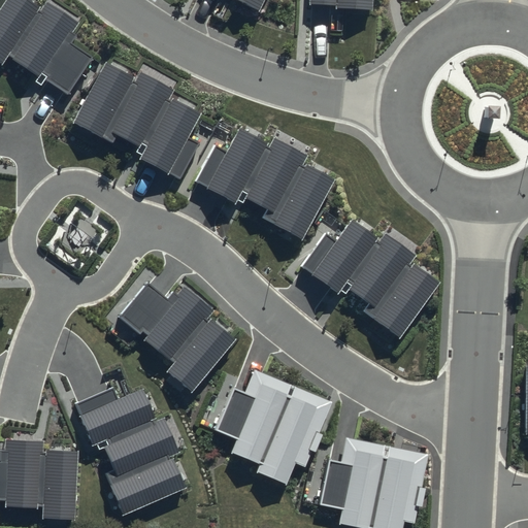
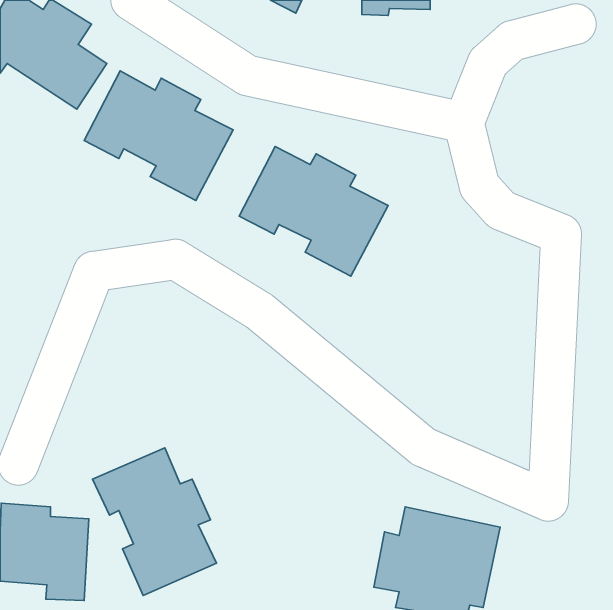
building: [310,218,438,337] -> none
building: [119,282,236,391] -> none
building: [212,371,328,485] -> none

